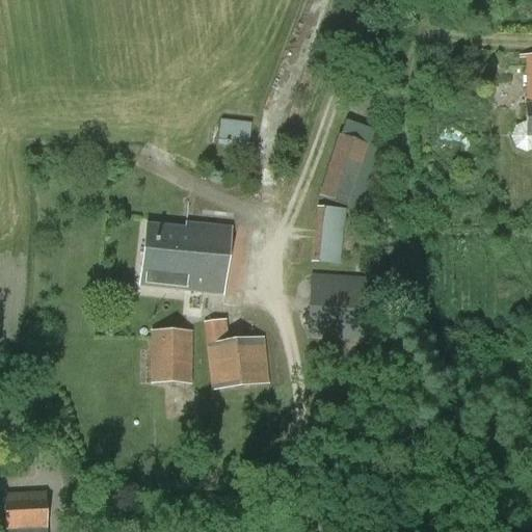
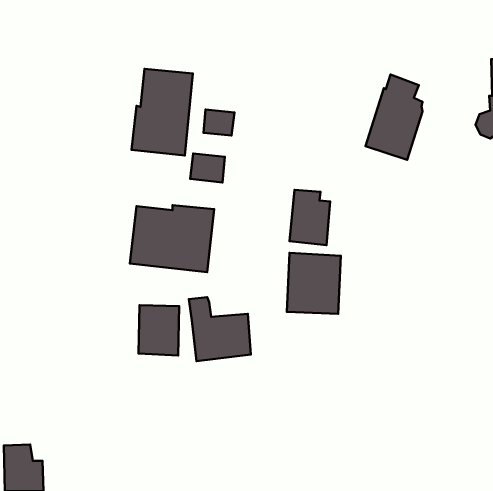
building: none -> [131,69,193,155]
building: [320,116,381,208] -> [365,75,423,160]
building: none -> [190,153,225,182]

